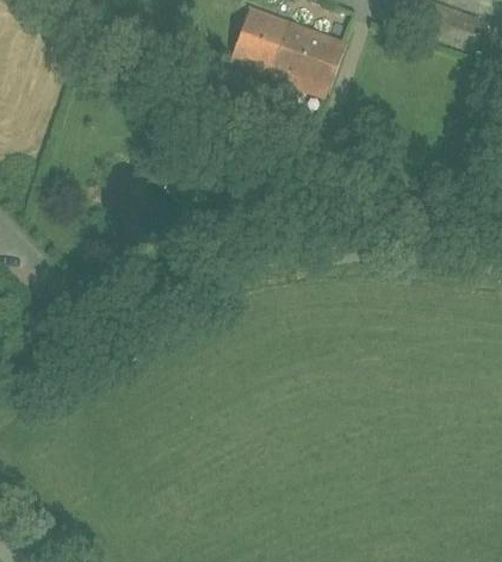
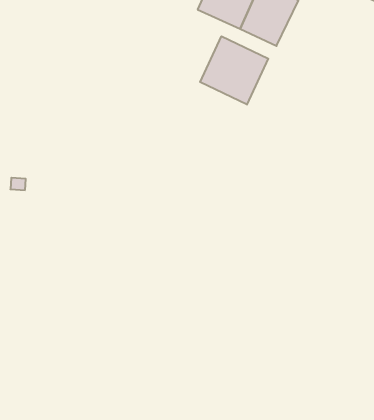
building: none -> [200,36,268,105]

